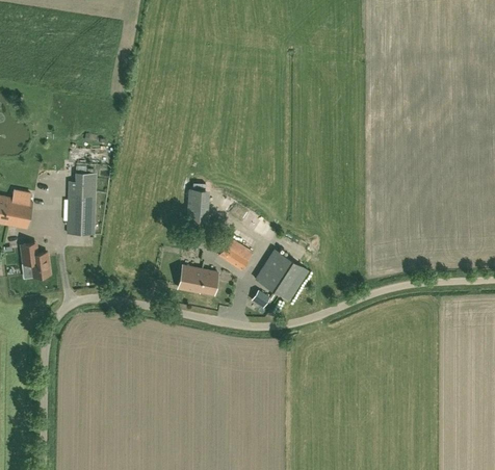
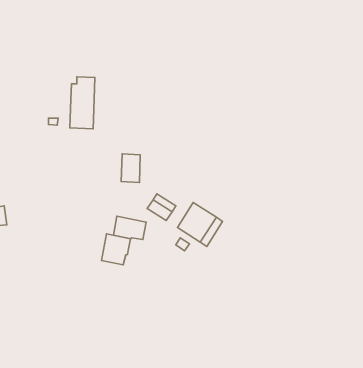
building: [67,173,97,235] -> [70,77,95,129]
building: none -> [101,234,130,265]

